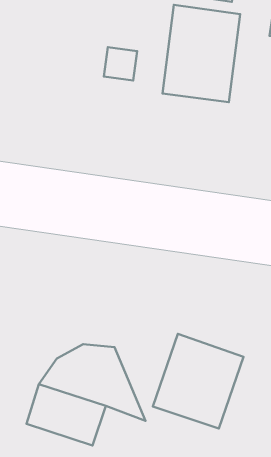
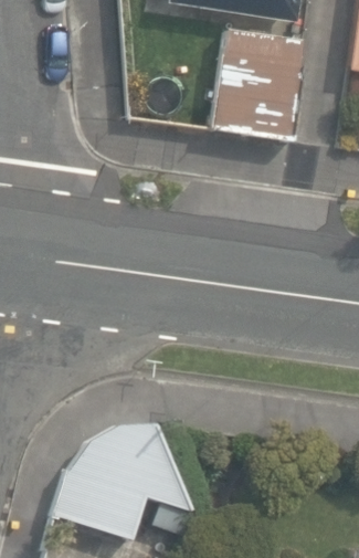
building: [153,334,244,428] -> none

